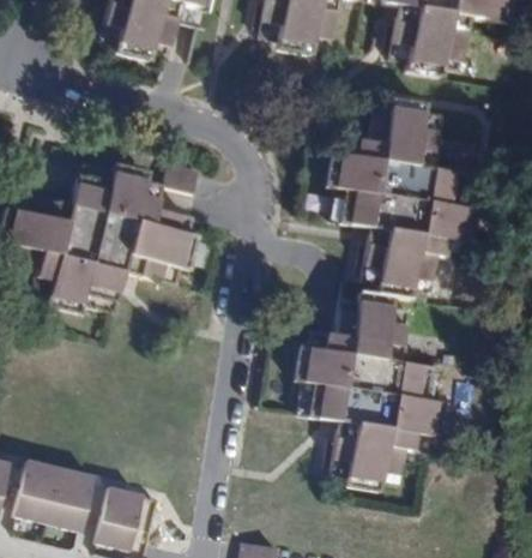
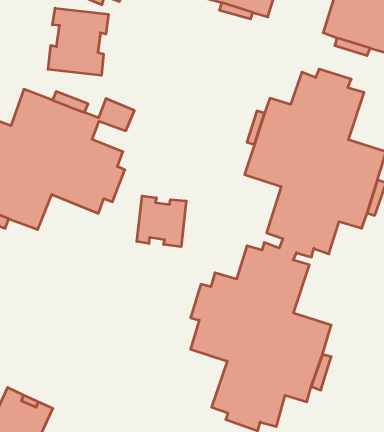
building: none -> [48,8,108,75]
building: none -> [137,196,186,247]

